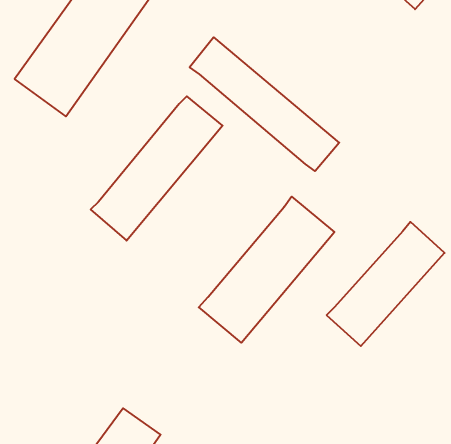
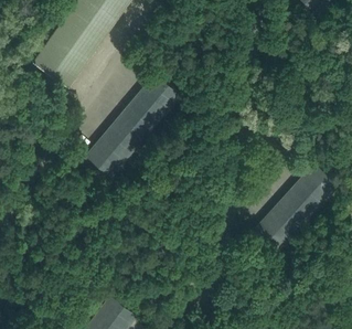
building: [190,37,339,171] -> none
building: [199,197,334,343] -> none

